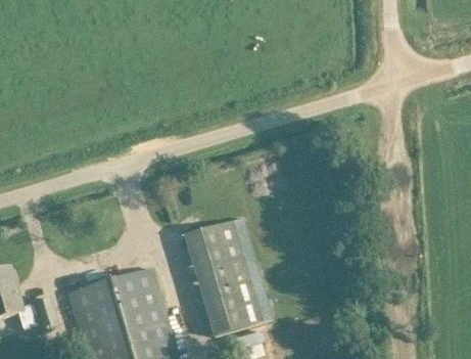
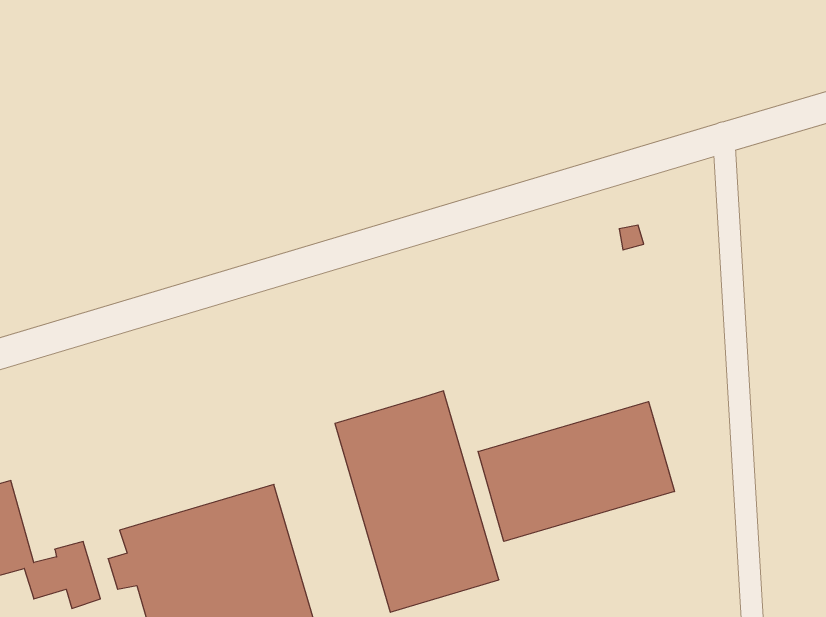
building: none -> [478,402,674,541]

